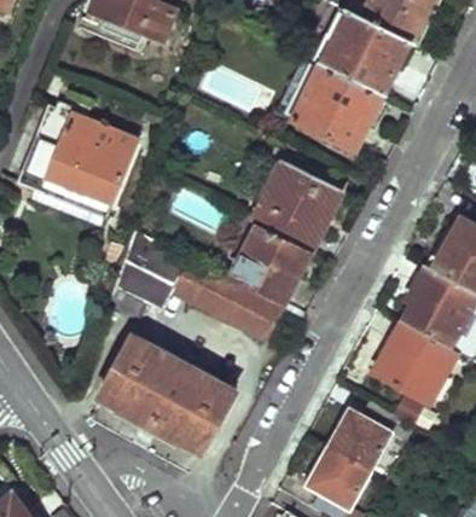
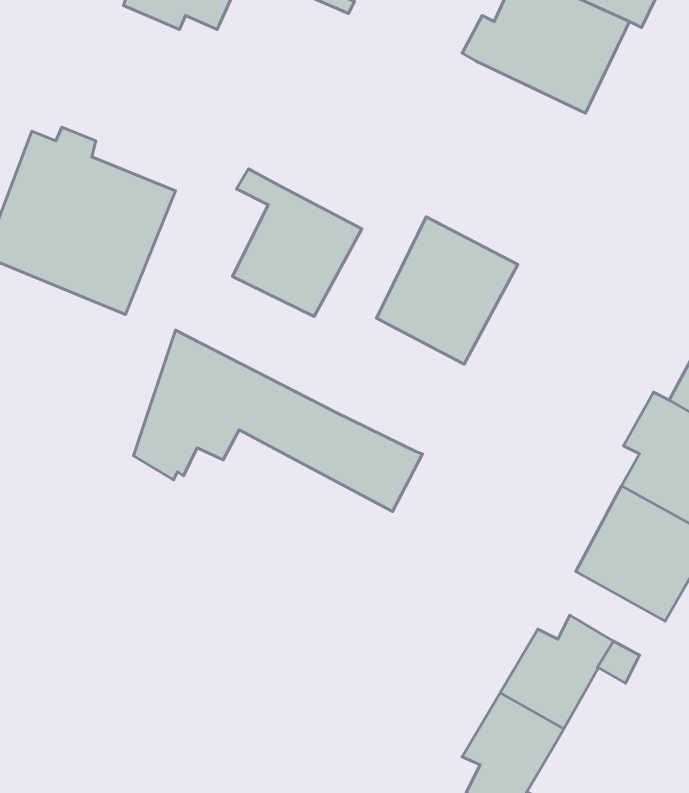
building: [289,65,382,152] -> none
building: [230,213,308,302] -> [232,169,362,316]
building: [100,337,234,454] -> none

